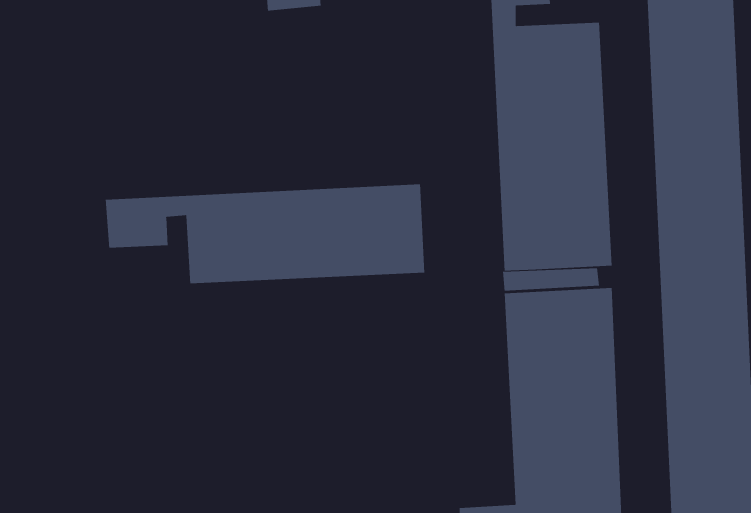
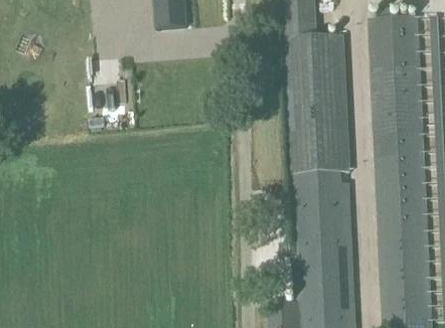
building: [105,184,425,284] -> none

